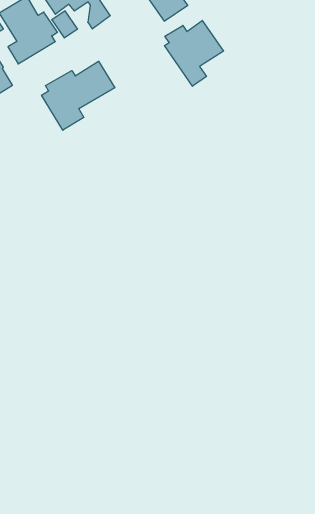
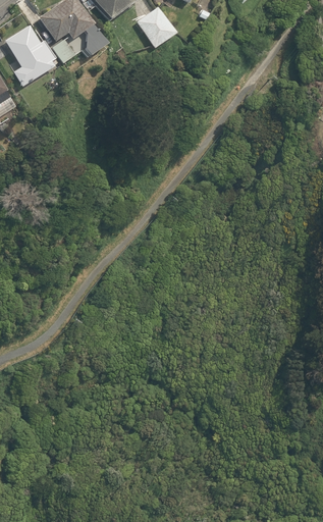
building: [165,20,224,86] -> none
building: [42,61,115,130] -> none

